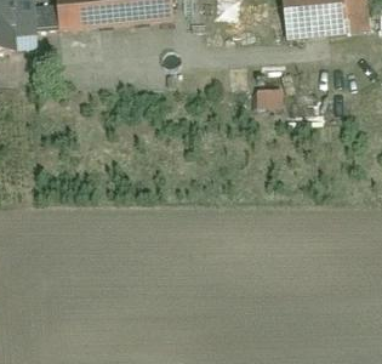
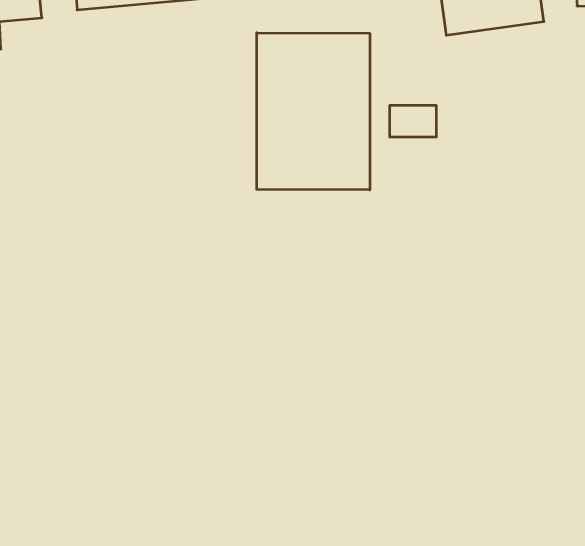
building: none -> [257,33,370,190]

